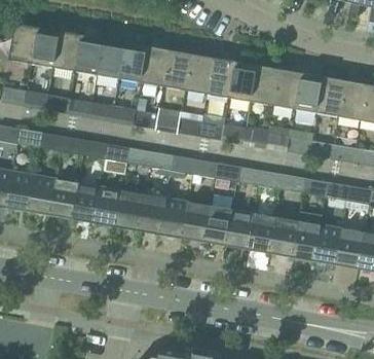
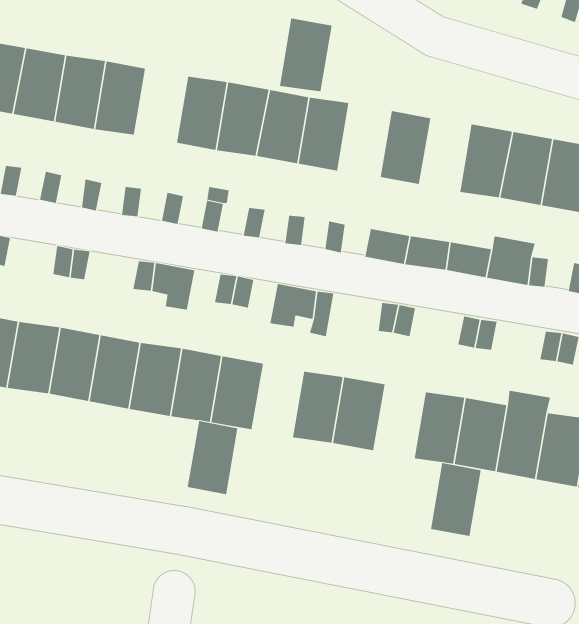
building: [98,39,126,79] -> none
building: [208,58,236,98] -> [279,18,332,92]
building: [252,66,279,106] -> none
building: [161,199,189,239] -> [187,421,238,495]
building: [227,210,255,250] -> [430,462,481,537]

